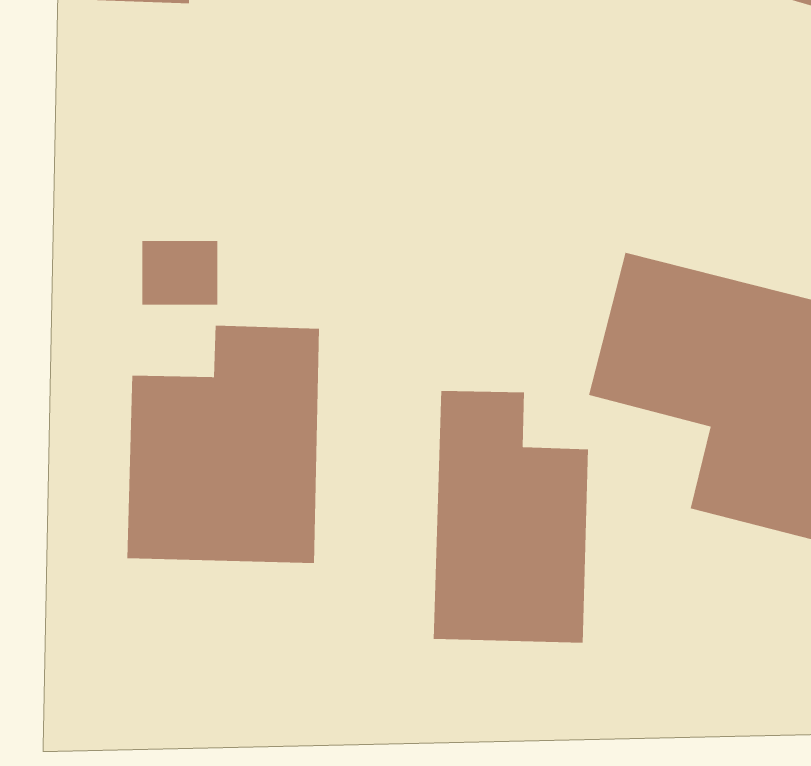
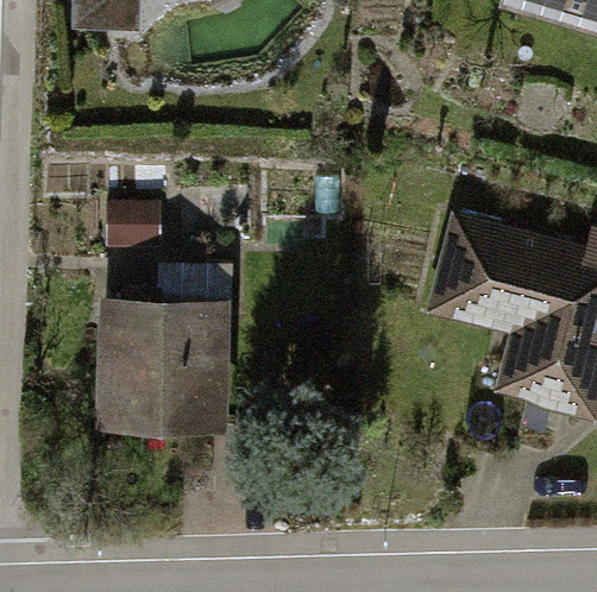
building: [433,390,588,644] -> none

